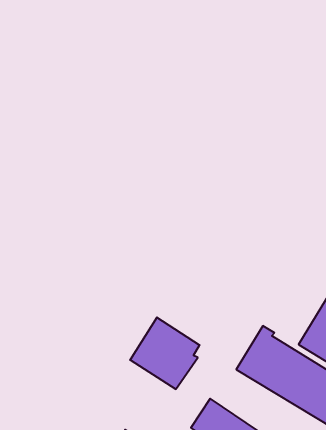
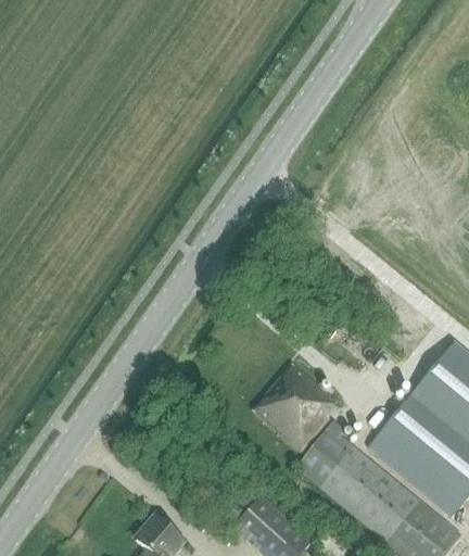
building: [130,317,200,389] -> [253,364,335,450]

